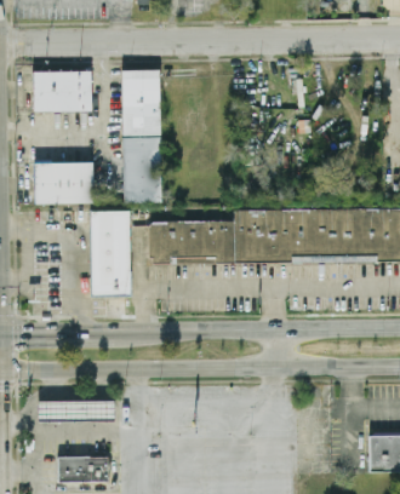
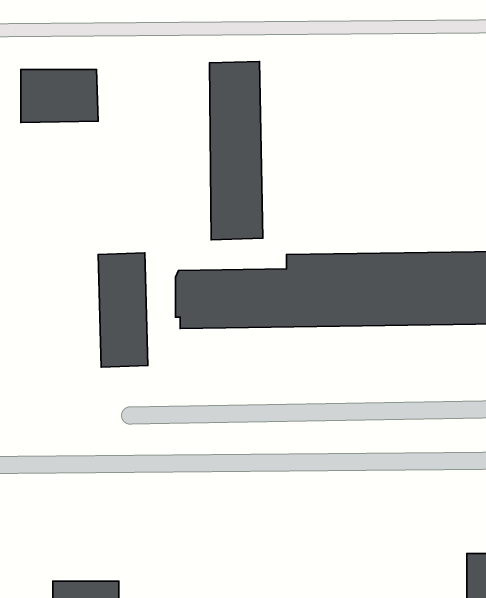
building: [122,69,162,203] -> [210,61,263,240]
building: [35,161,92,201] -> none
building: [39,400,115,421] -> none

